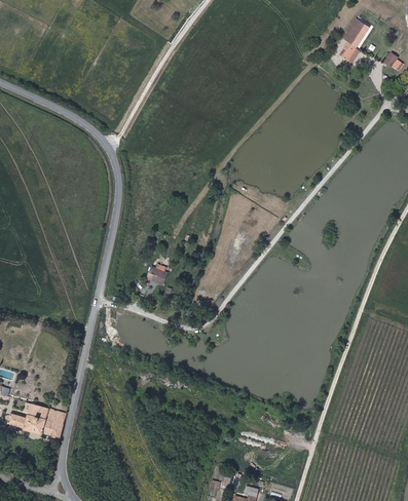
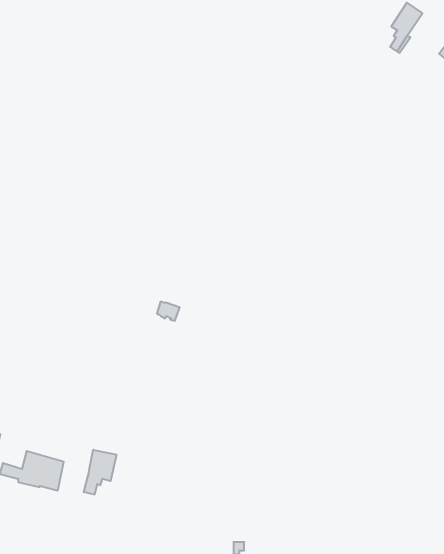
building: none -> [84,450,117,495]

